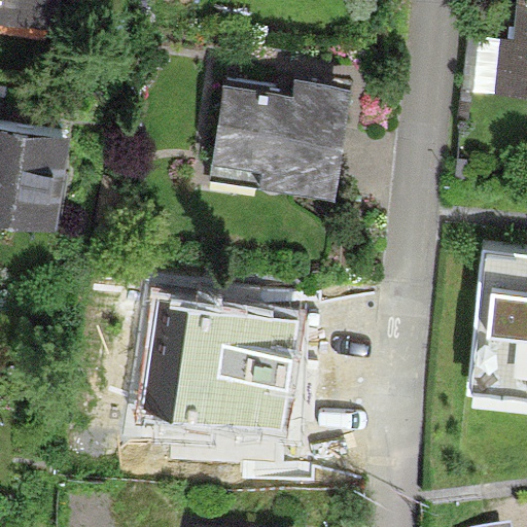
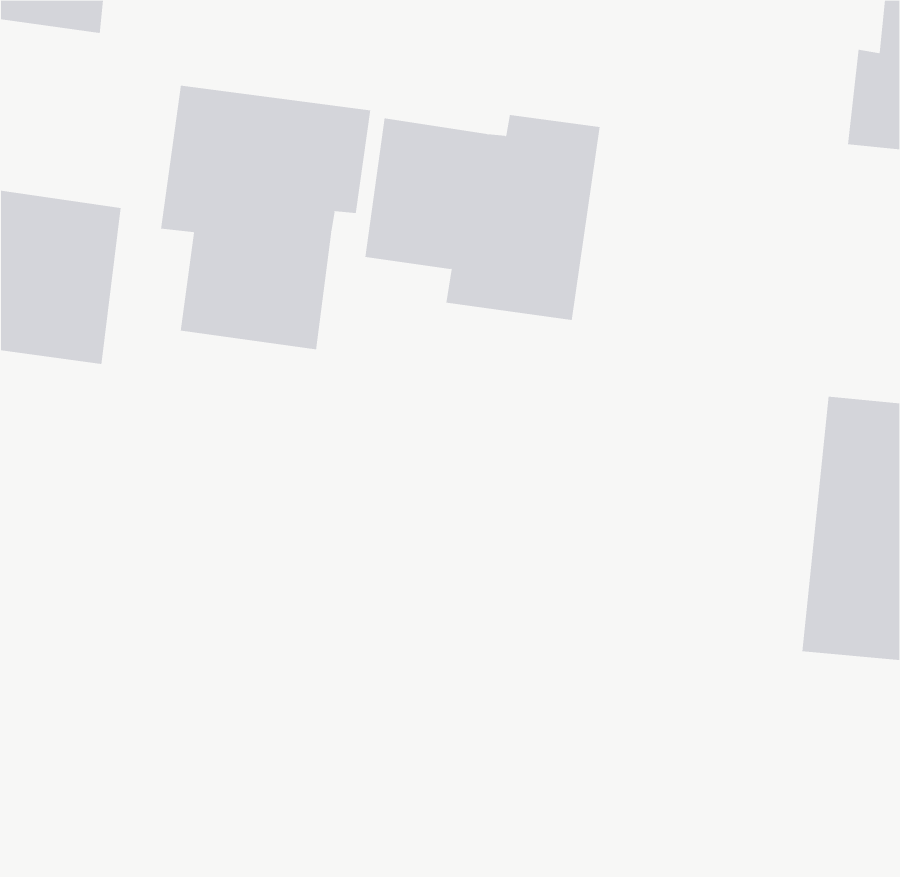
building: none -> [160,85,371,350]
building: [146,303,298,433] -> none

